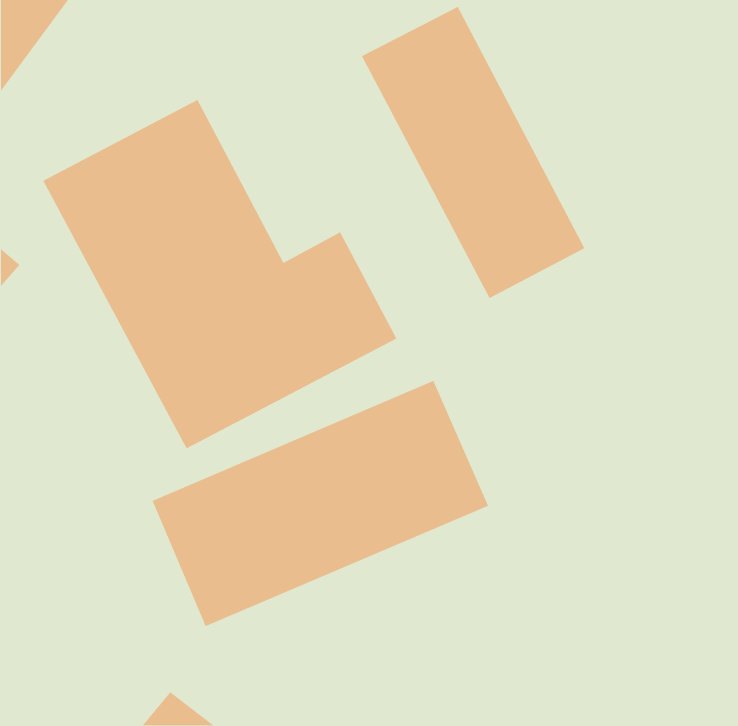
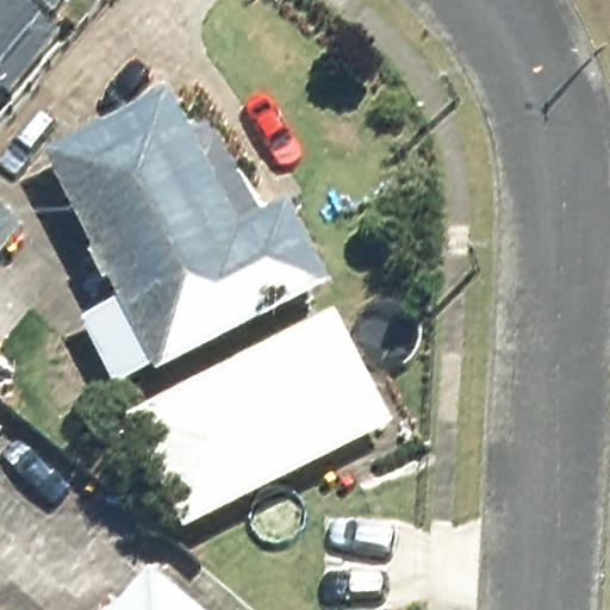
building: [361,6,585,299] -> none

